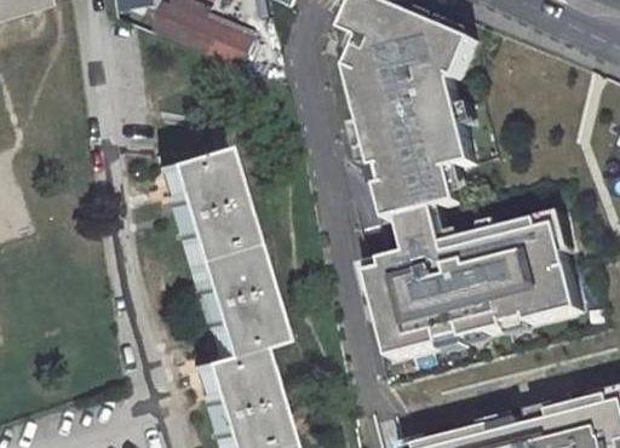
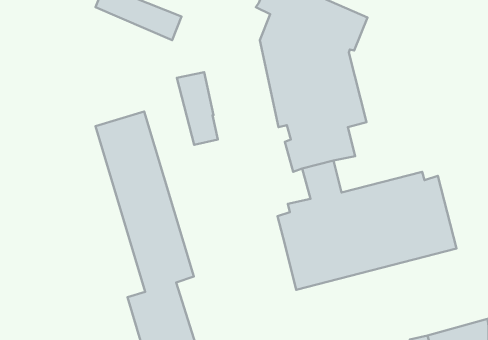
building: none -> [177,72,218,145]

